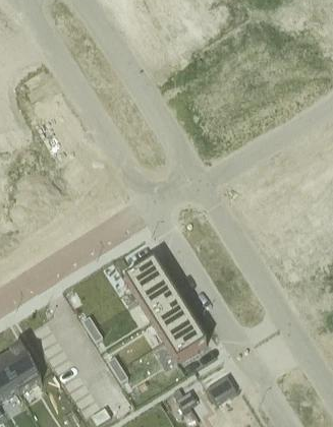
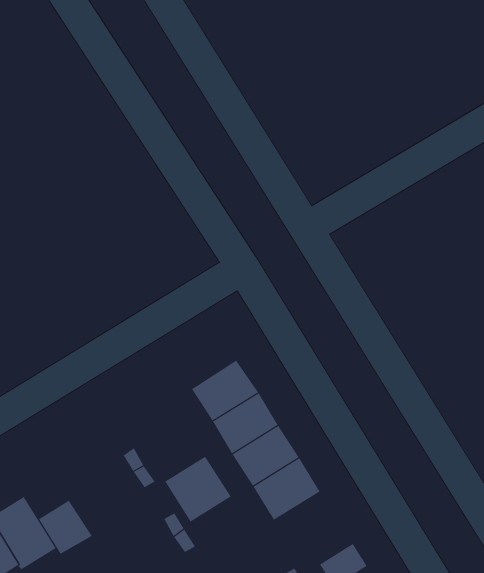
building: none -> [164,456,231,522]
building: none -> [38,500,92,555]

